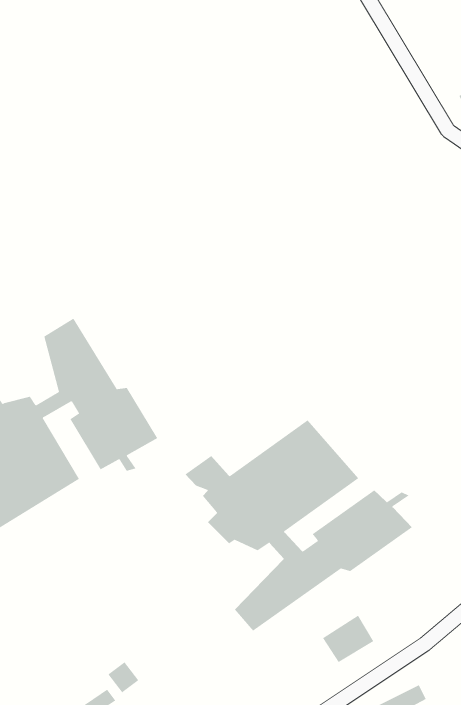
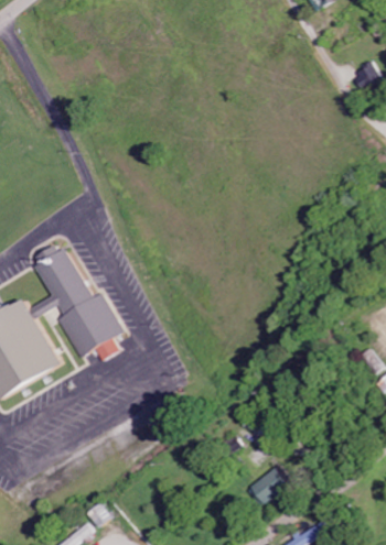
building: [184,419,413,631] -> none

